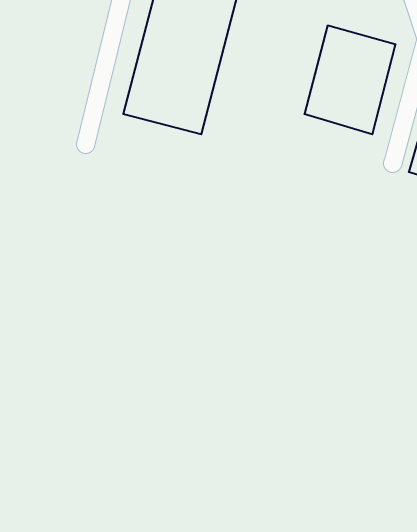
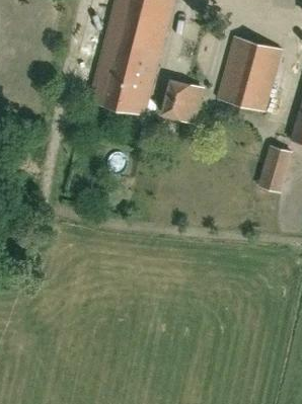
building: none -> [162,80,201,122]
building: none -> [256,146,291,191]

